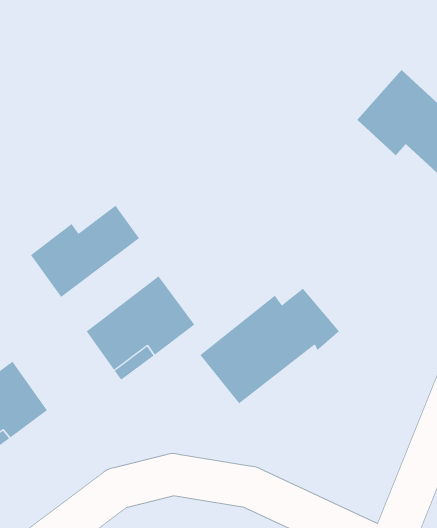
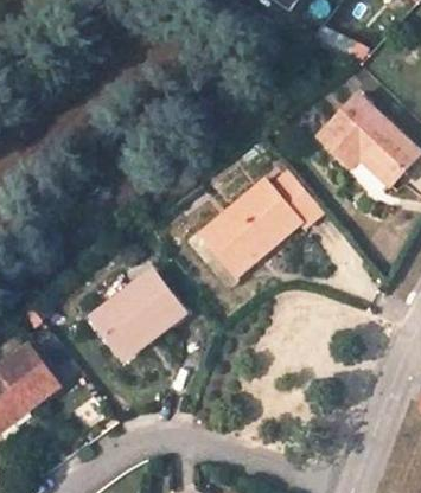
building: [30,205,140,298] -> none
building: [199,288,340,404] -> [204,174,323,273]

